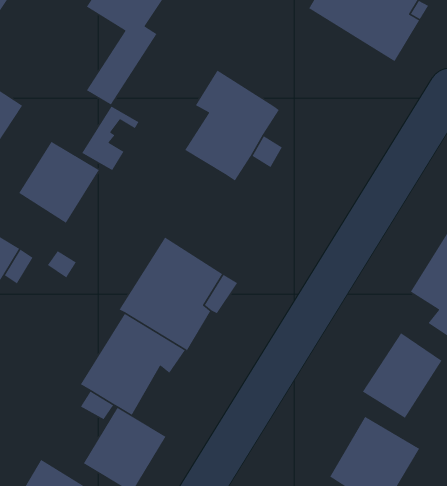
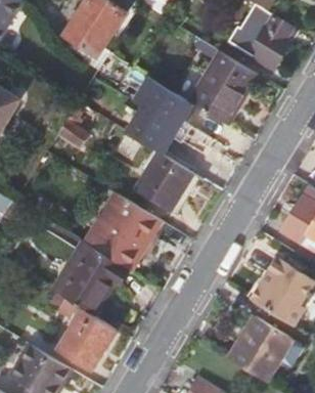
building: none -> [189,53,257,125]
building: [18,141,100,224] -> none
building: none -> [132,150,198,216]

